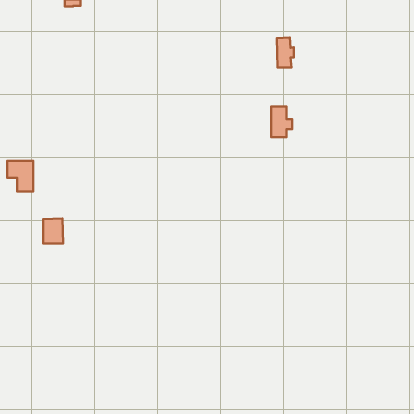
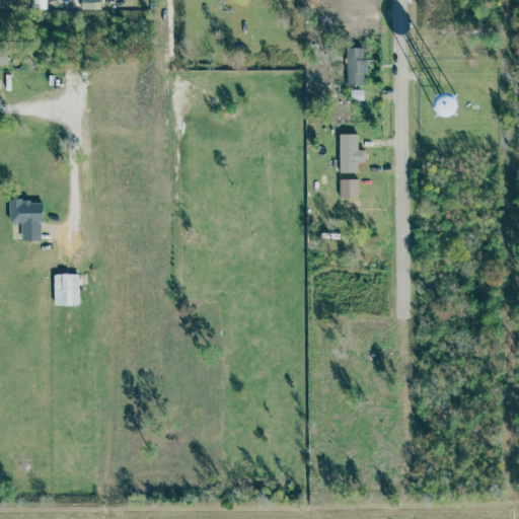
building: none -> [432,90,459,118]
building: none -> [341,178,360,198]

